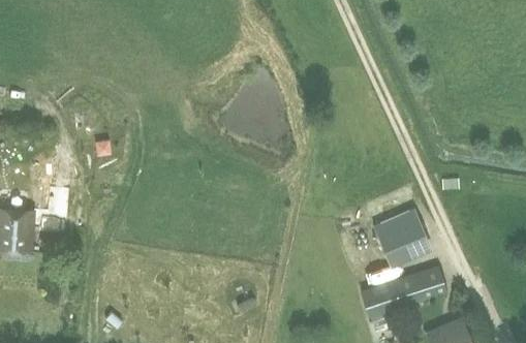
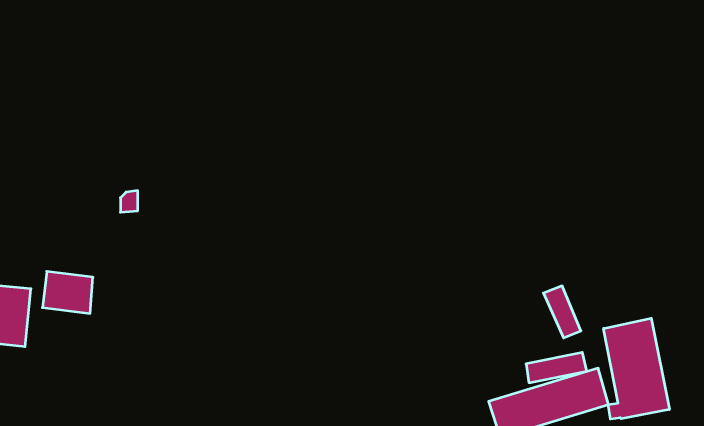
building: [374,214,414,258] -> none
building: none -> [604,318,669,419]

